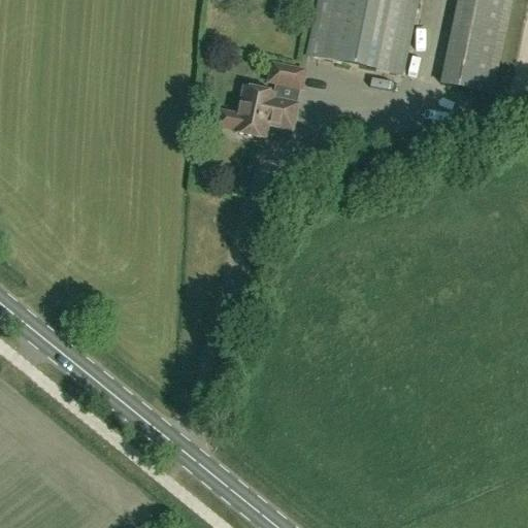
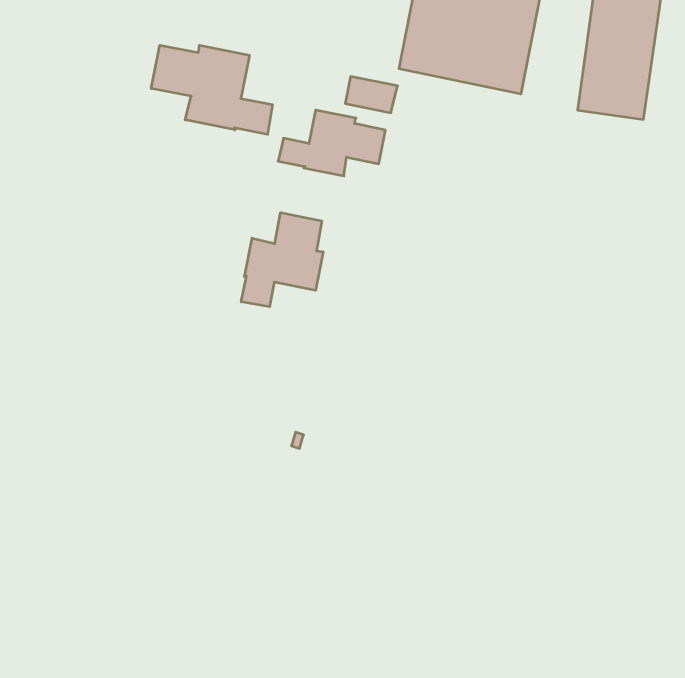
building: none -> [151,45,272,134]
building: none -> [241,213,323,307]

